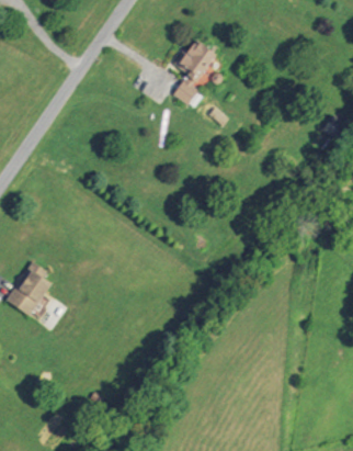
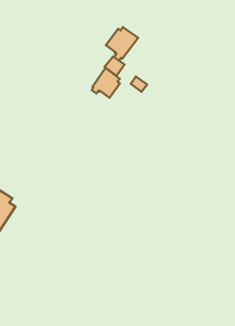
building: none -> [92,68,120,98]

